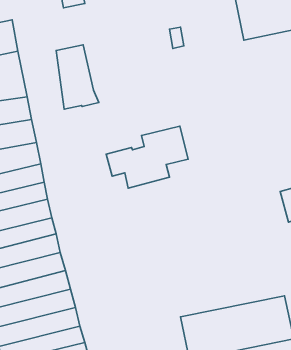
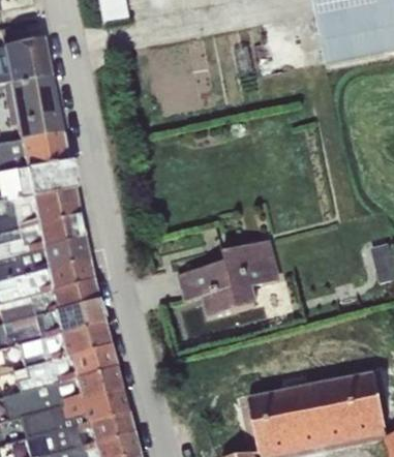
building: [56,45,99,109] -> none
building: [106,126,188,188] -> [180,240,280,315]

